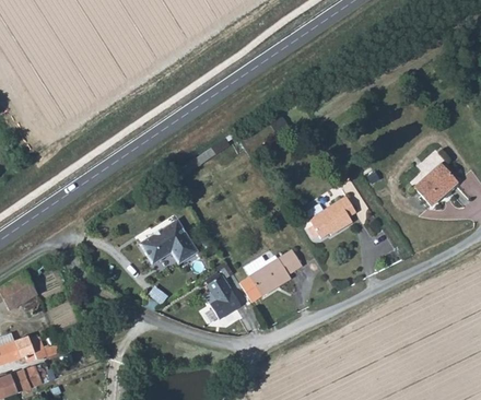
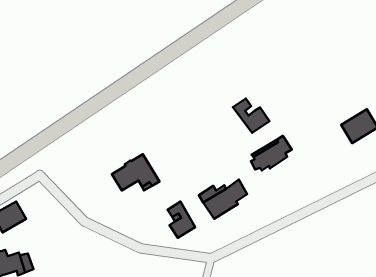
building: none -> [233,99,270,133]

